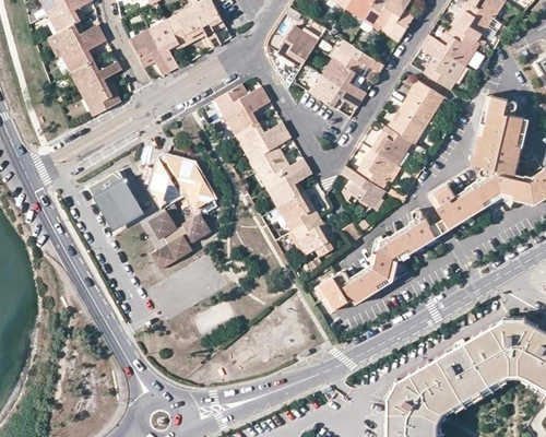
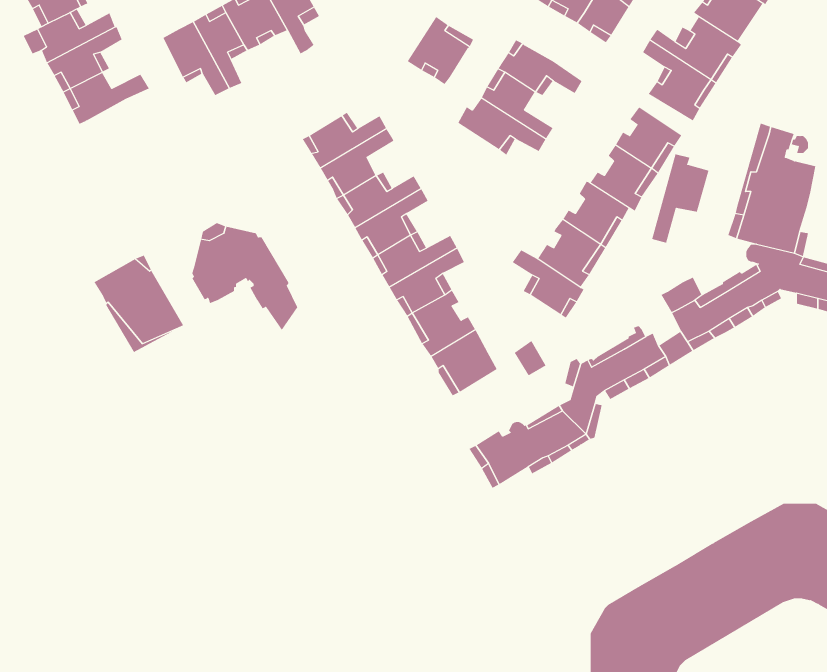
building: [80,76,121,117] -> none
building: none -> [652,153,709,243]
building: [149,214,211,270] -> none

